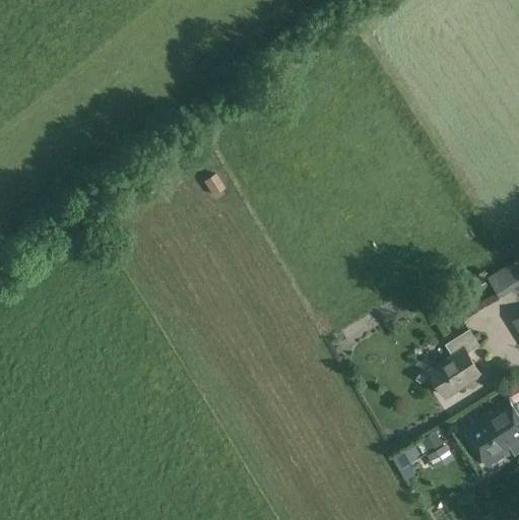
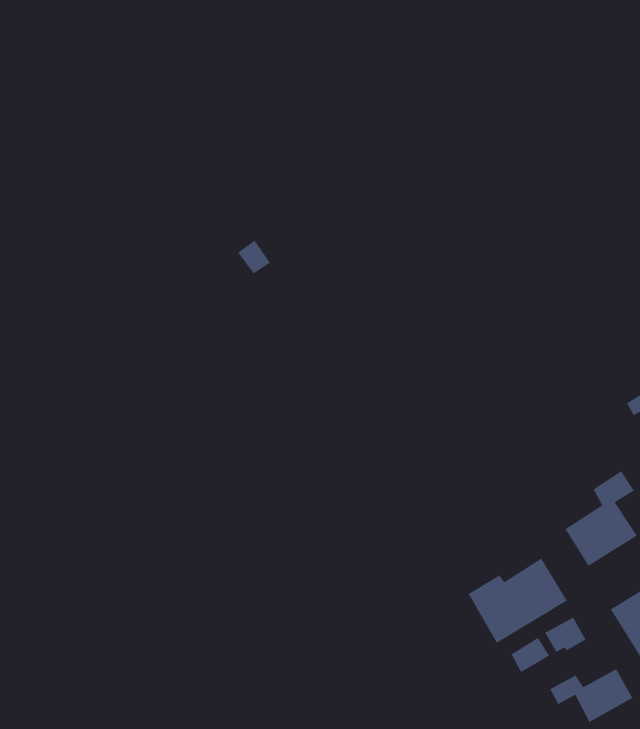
building: none -> [467,557,568,644]
building: none -> [549,668,633,723]

